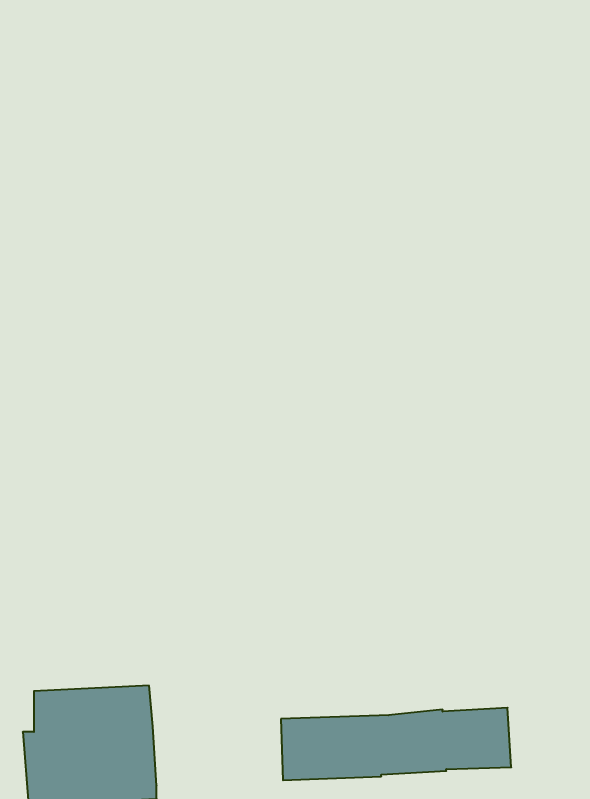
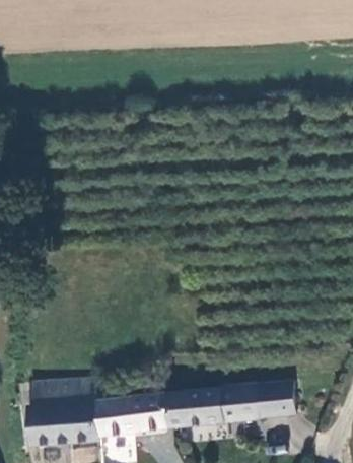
building: none -> [100,395,171,432]

